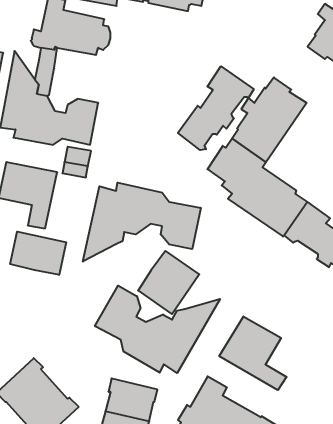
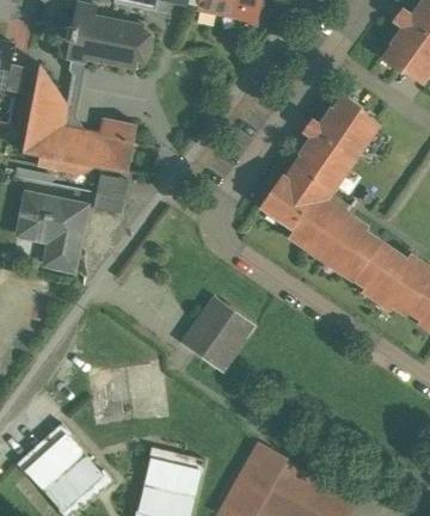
building: [178,66,254,150] -> none
building: [83,183,201,262] -> none
building: [10,232,66,275] -> none
building: [95,286,220,373] -> none
building: [219,316,287,390] -> none

